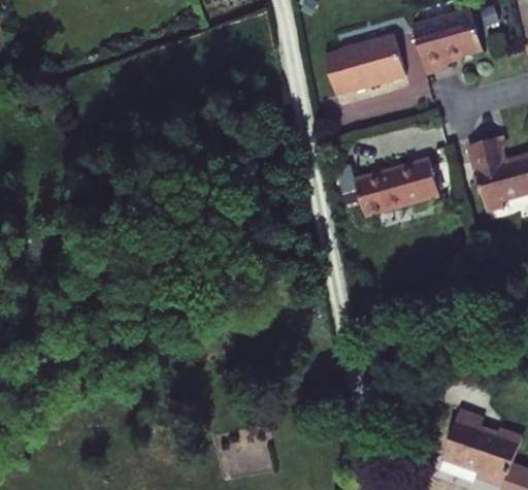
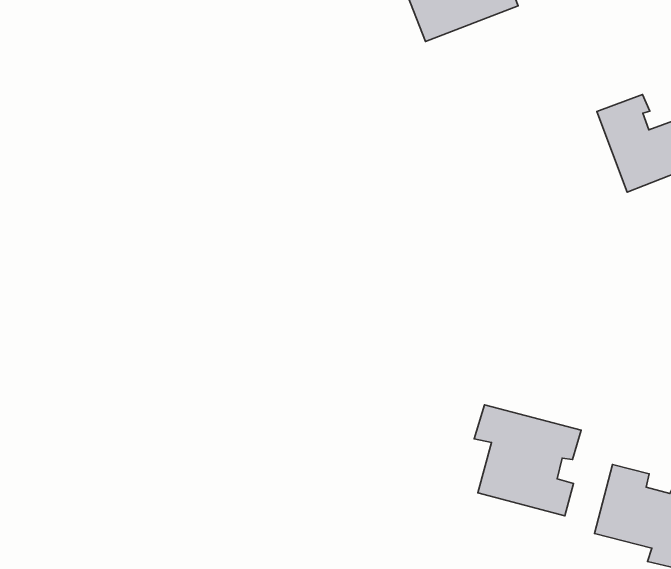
building: [354,167,438,224] -> none
building: none -> [474,405,581,516]

